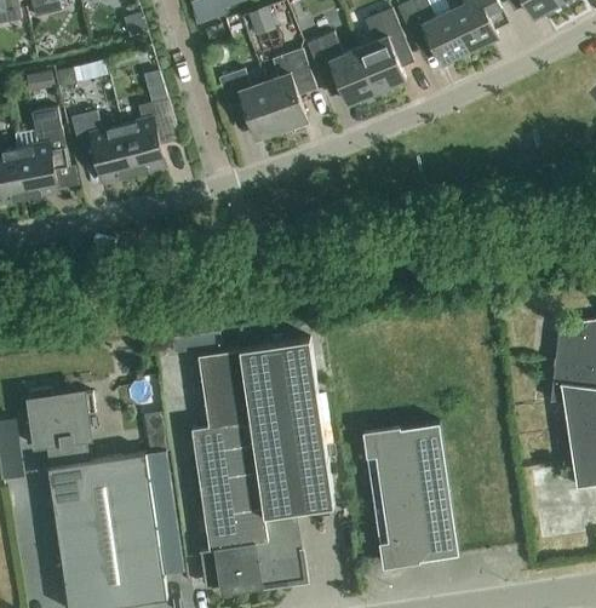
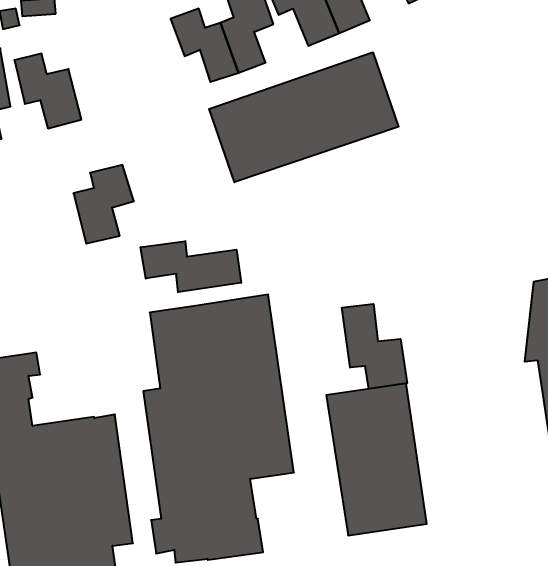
building: [121,99,178,173] -> [73,165,134,244]
building: none -> [209,52,399,182]
building: none -> [141,241,241,292]
building: none -> [342,304,407,389]

